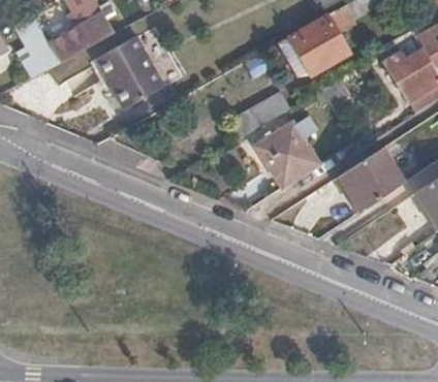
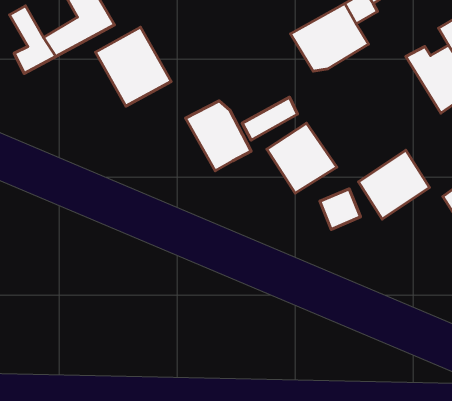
building: none -> [186,101,251,171]

